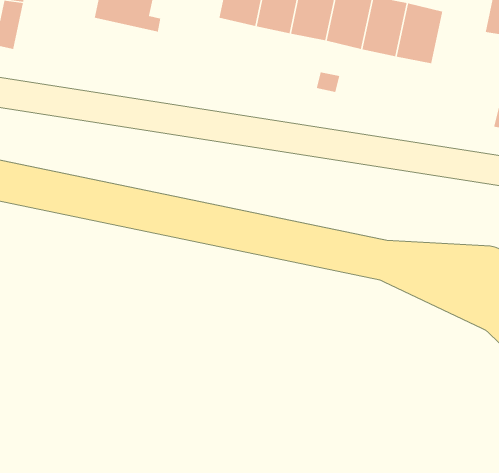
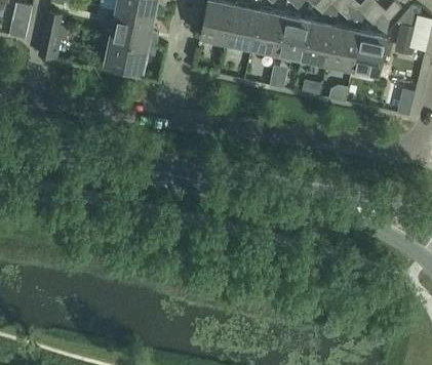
building: none -> [352,31,387,75]
building: none -> [104,36,156,70]

